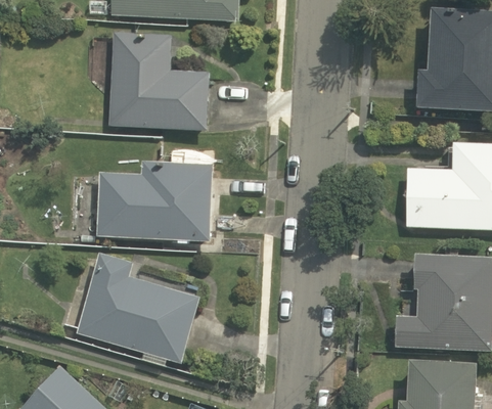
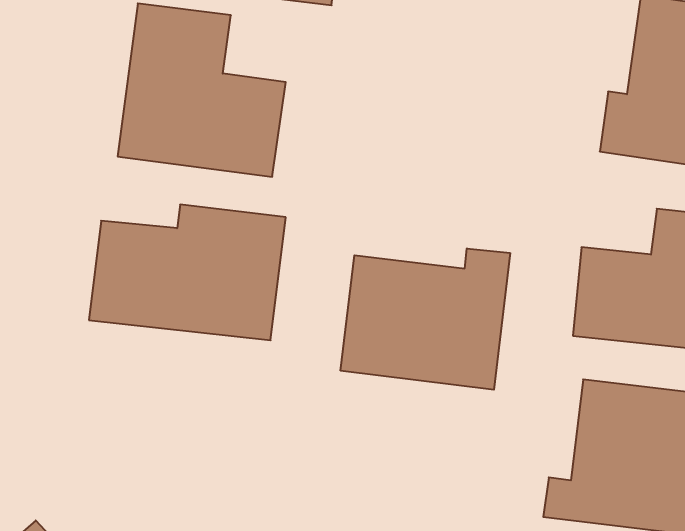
building: none -> [341,248,510,390]
building: [75,251,195,361] -> none

